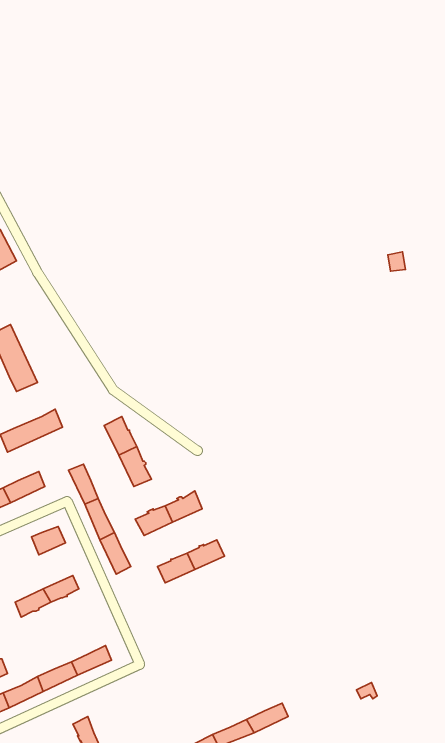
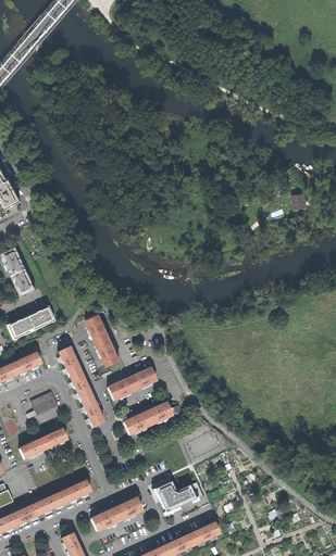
building: none -> [152,479,202,516]
building: none -> [90,496,142,532]

